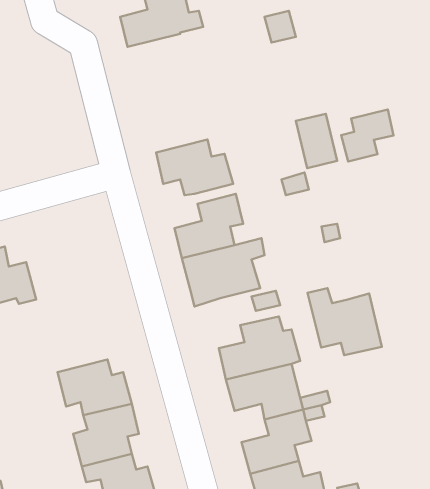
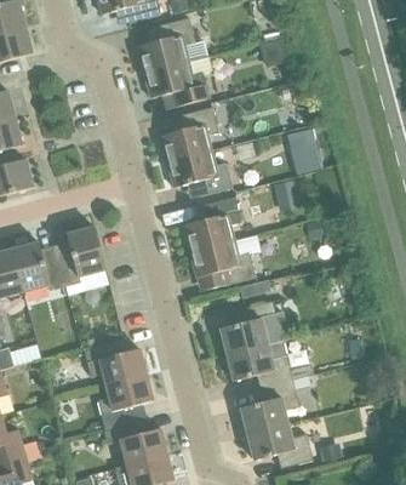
building: none -> [142,55,210,107]
building: none -> [159,107,217,161]
building: [341,110,394,161] -> none
building: none -> [56,227,108,295]
building: [308,288,382,355] -> none

